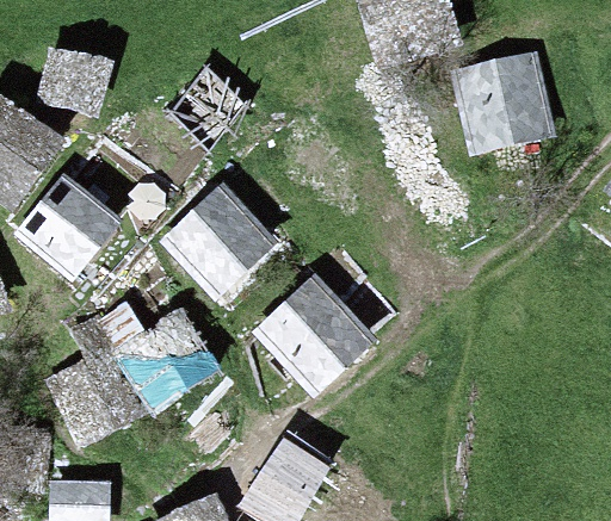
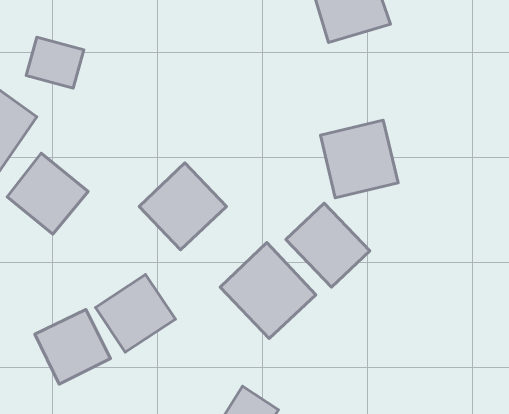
building: [461,56,548,143] -> [320,120,398,198]
building: none -> [286,203,370,287]

